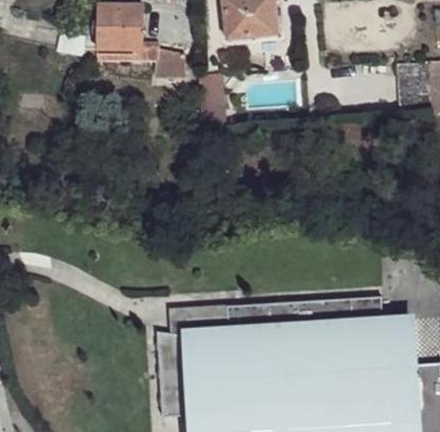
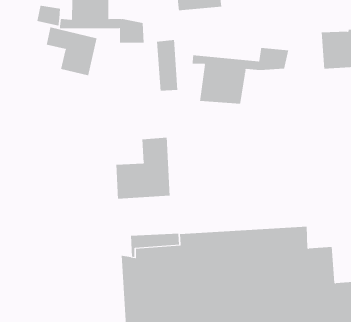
building: none -> [46,27,97,76]
building: none -> [192,47,289,105]
building: none -> [116,137,170,199]

